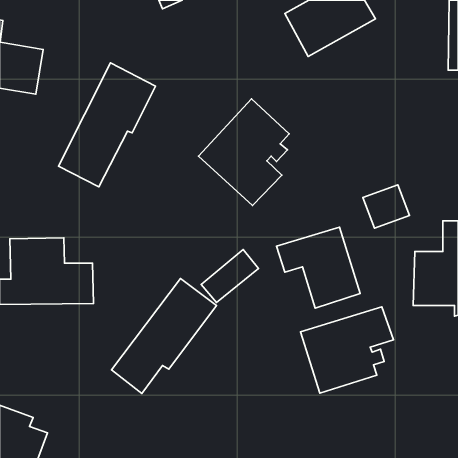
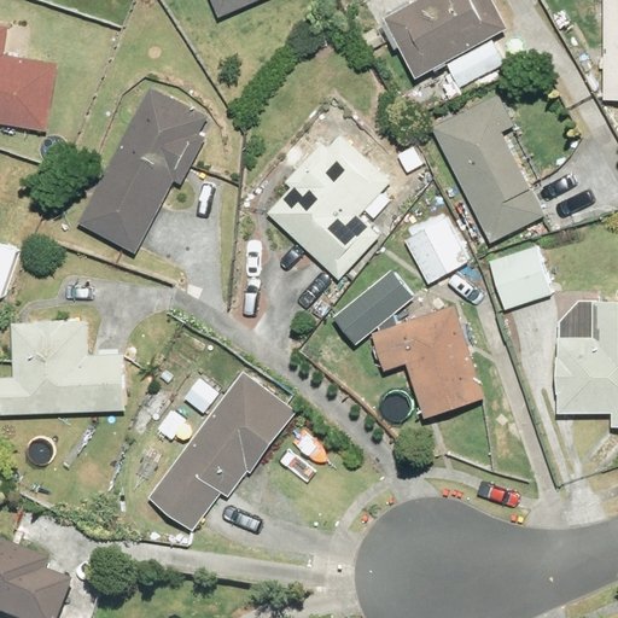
building: none -> [431,93,544,241]
building: none -> [404,217,470,285]
building: [201,250,259,303] -> [333,272,410,343]
building: [301,307,393,393] -> none

